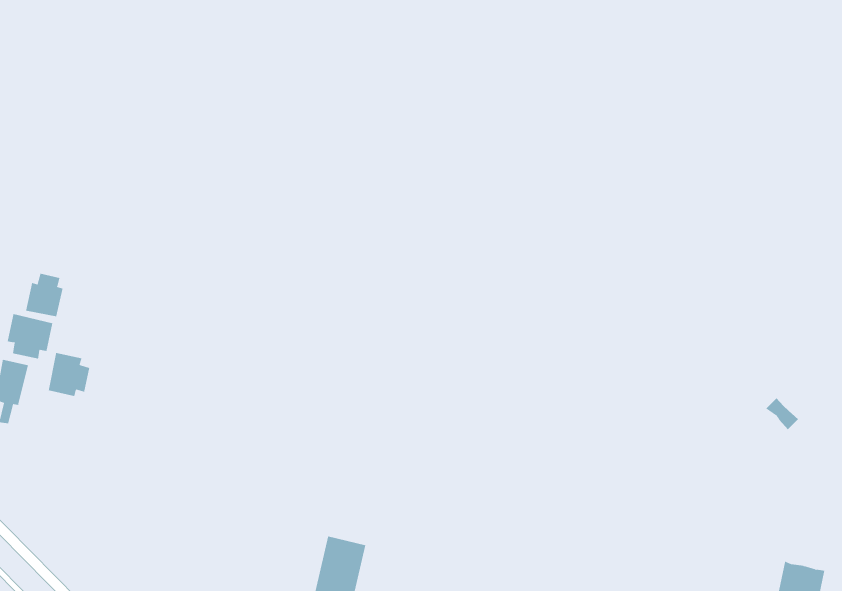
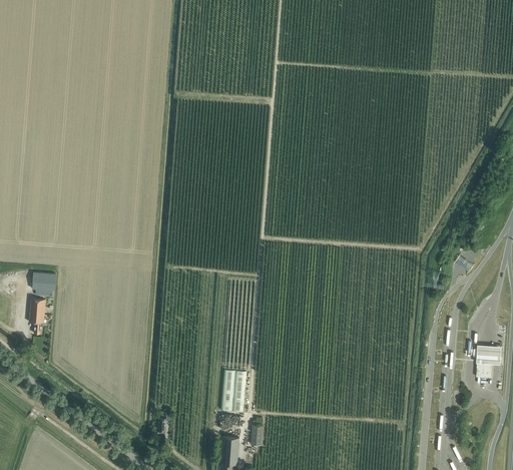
building: [25,273,63,317] -> none
building: [48,352,90,397] -> none

